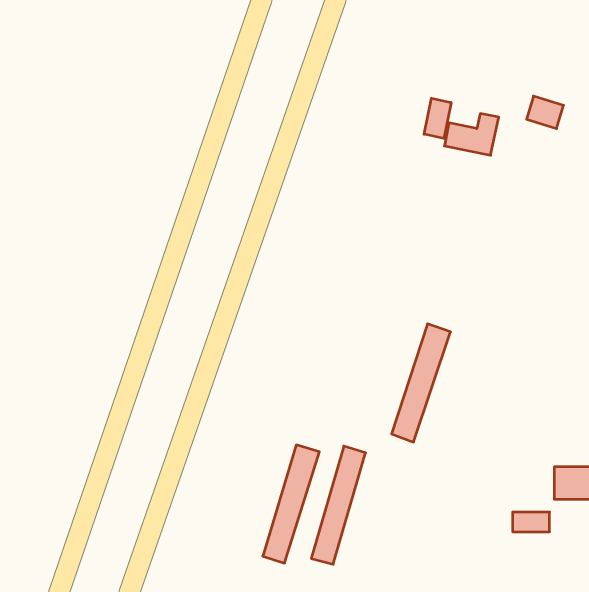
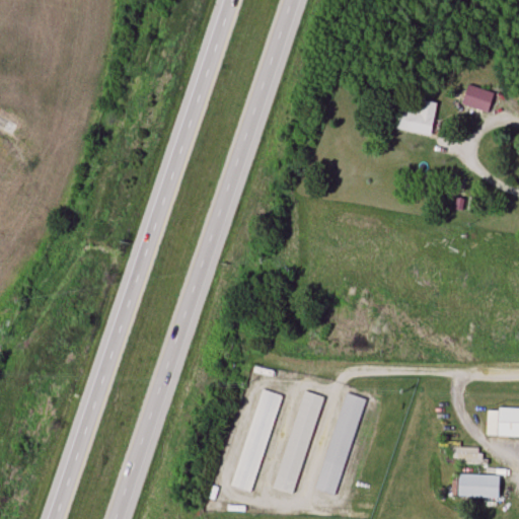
building: [424,98,451,138] -> none
building: [392,324,451,442] -> [315,392,367,496]
building: none -> [459,474,501,498]

